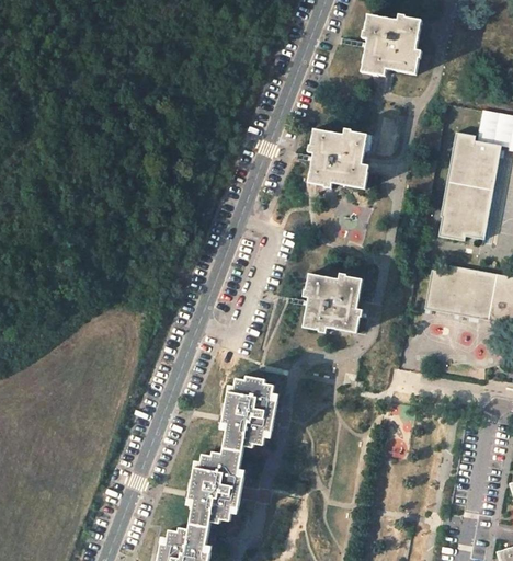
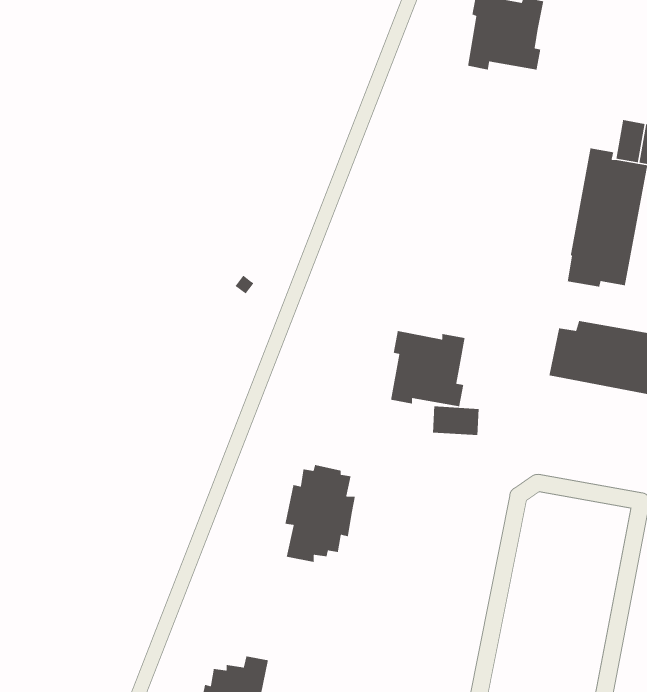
building: [307,129,367,188] -> none
building: none -> [432,406,480,436]
building: [192,447,244,526] -> none

